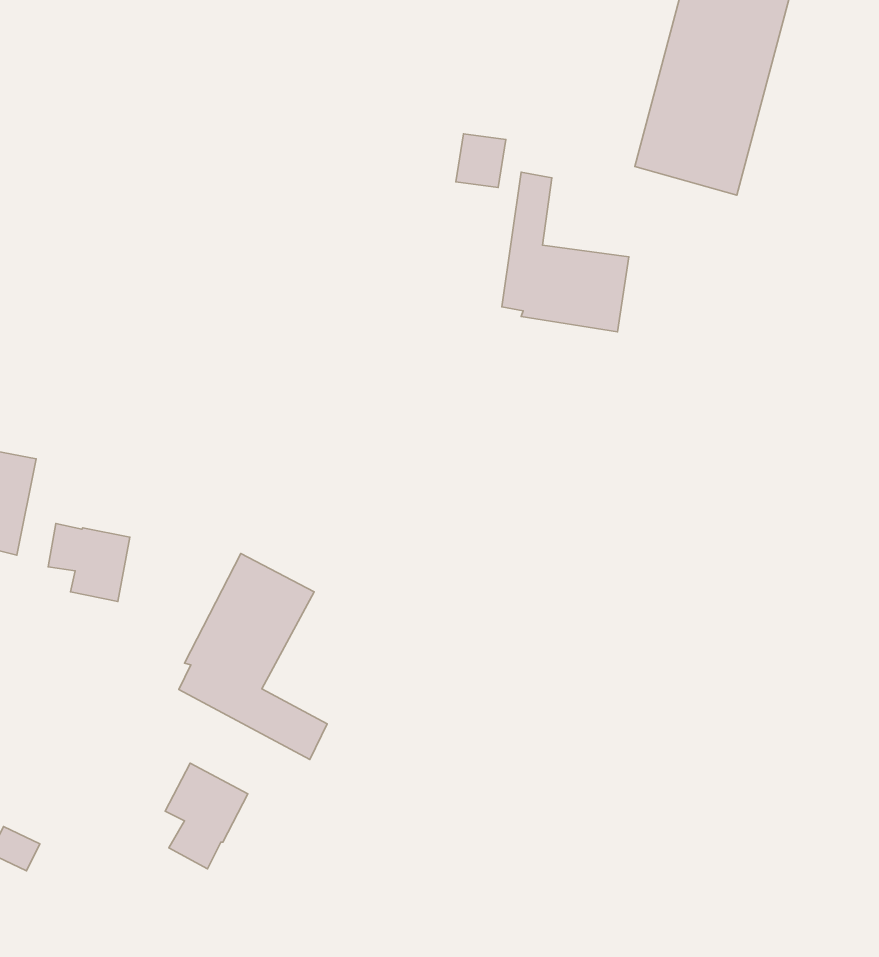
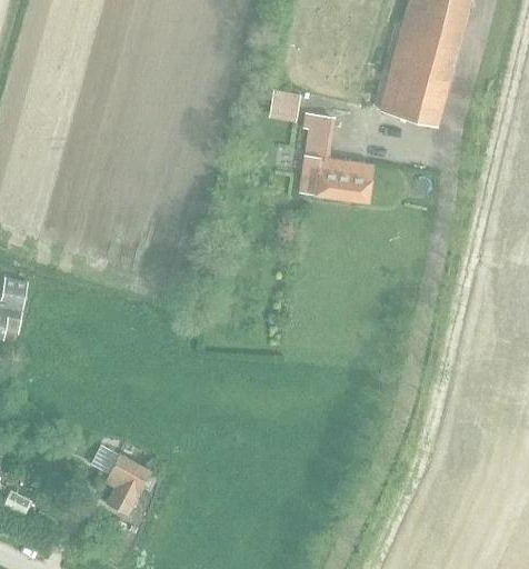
building: [48,524,130,601] -> none
building: [179,554,327,760] -> none

